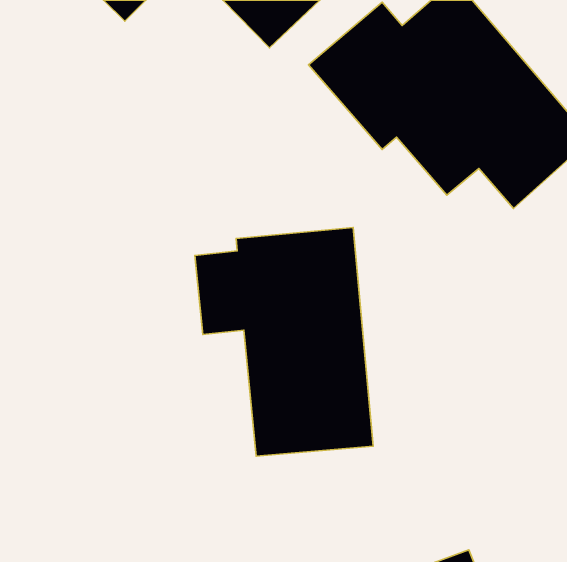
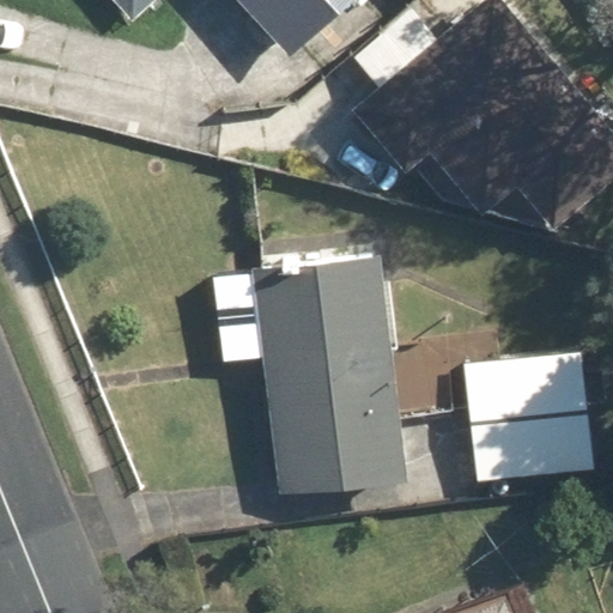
building: none -> [468,353,590,480]

